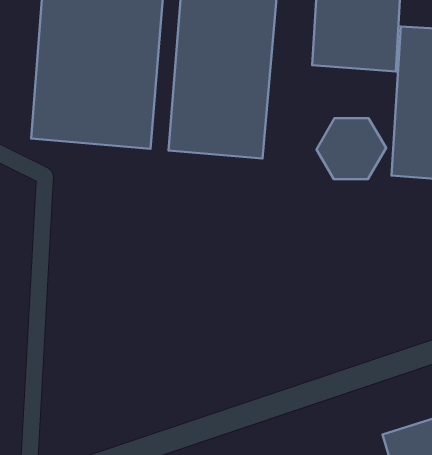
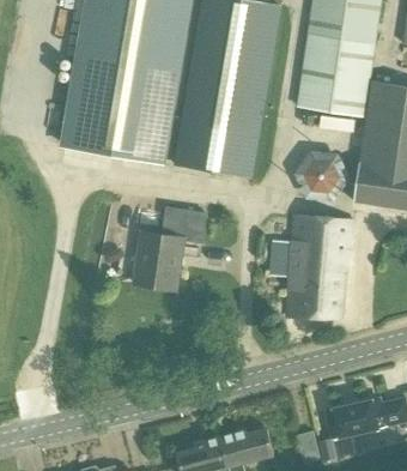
building: none -> [271,217,353,320]
building: none -> [128,209,206,291]

